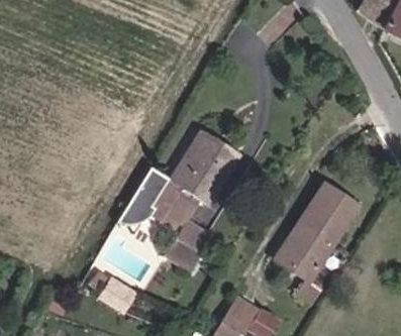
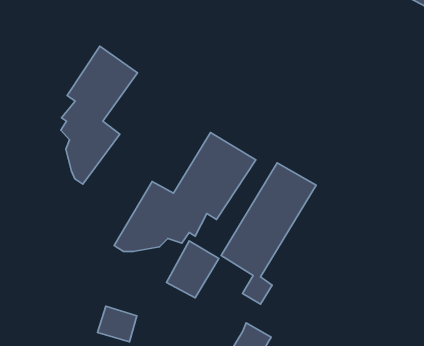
building: none -> [61,46,138,184]
building: [276,184,357,304] -> [221,163,316,304]

